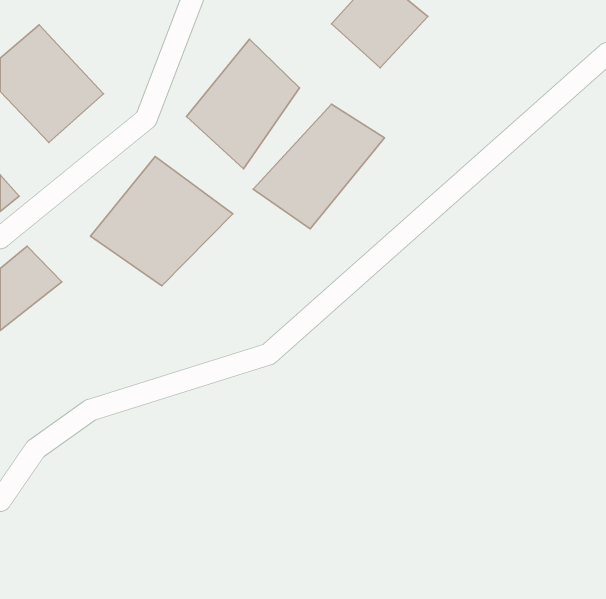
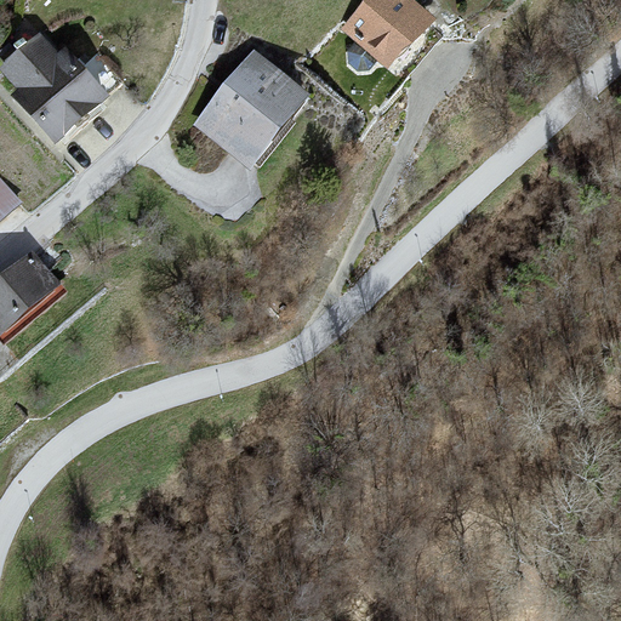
building: [253,104,385,229] -> none
building: [91,157,233,286] -> none

